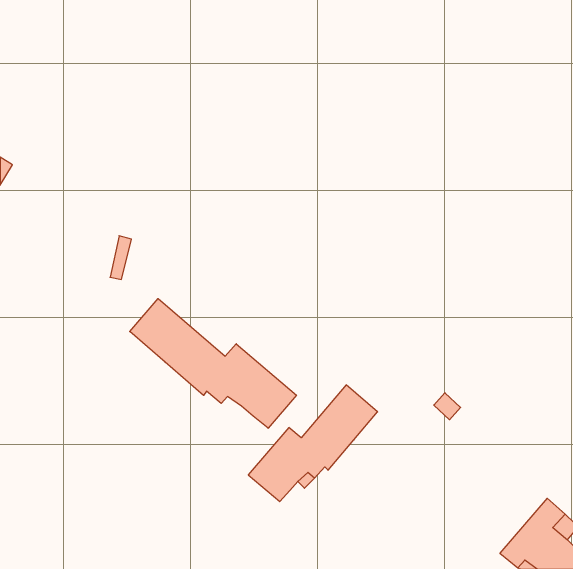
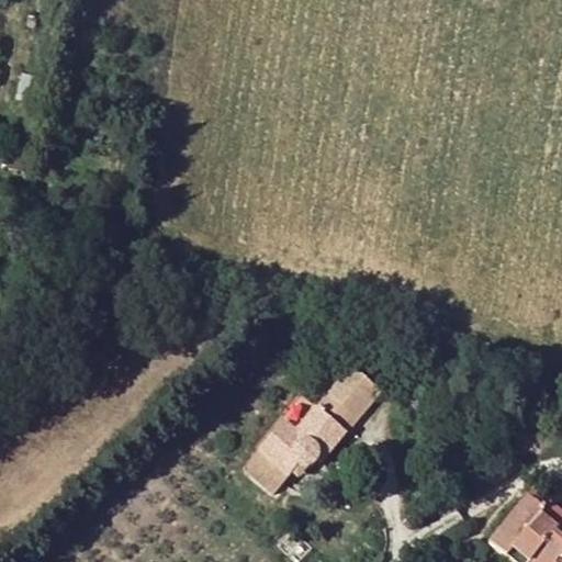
building: [130,299,296,428] -> none

